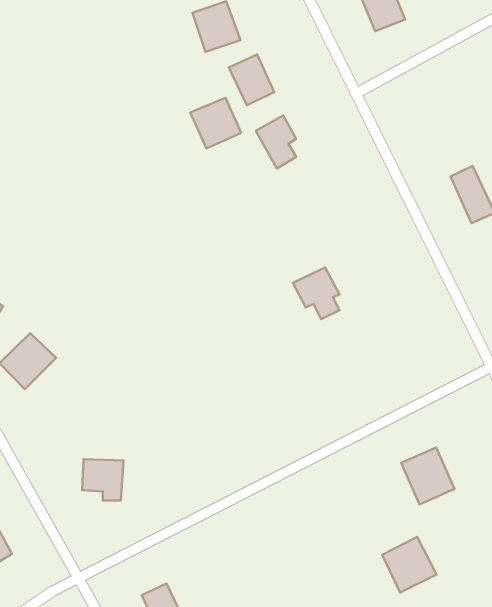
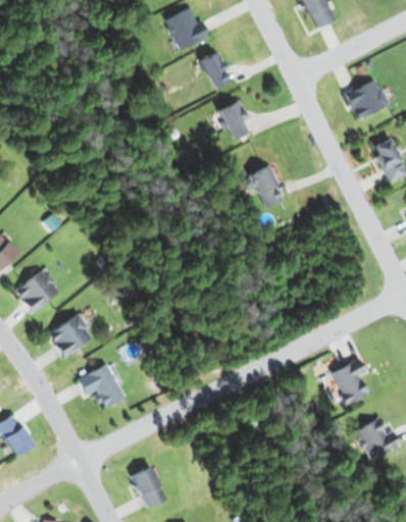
building: none -> [344,79,389,119]
building: [190,98,241,149] -> none
building: [293,267,339,319] -> [243,165,280,206]
building: none -> [49,313,95,357]
building: [382,537,437,593] -> [354,416,397,460]

